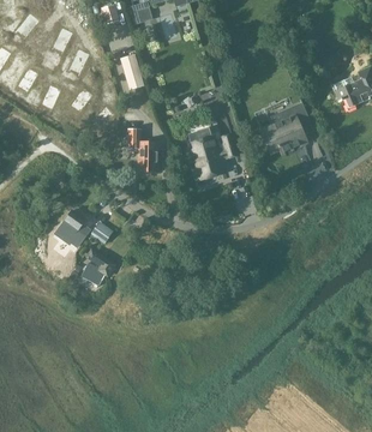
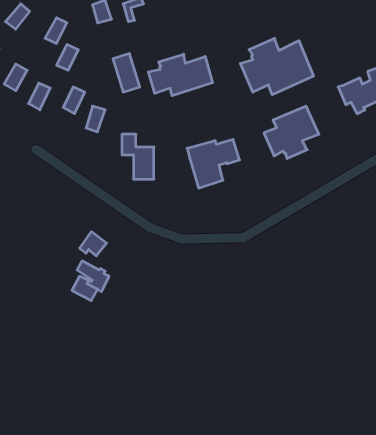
building: none -> [240,38,314,95]
building: none -> [148,54,213,96]
building: [55,210,90,248] -> none

